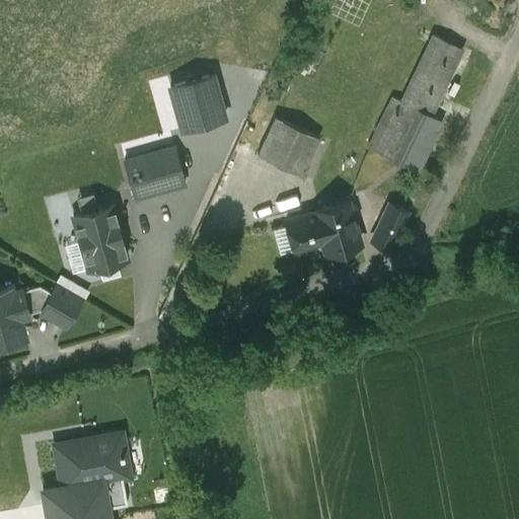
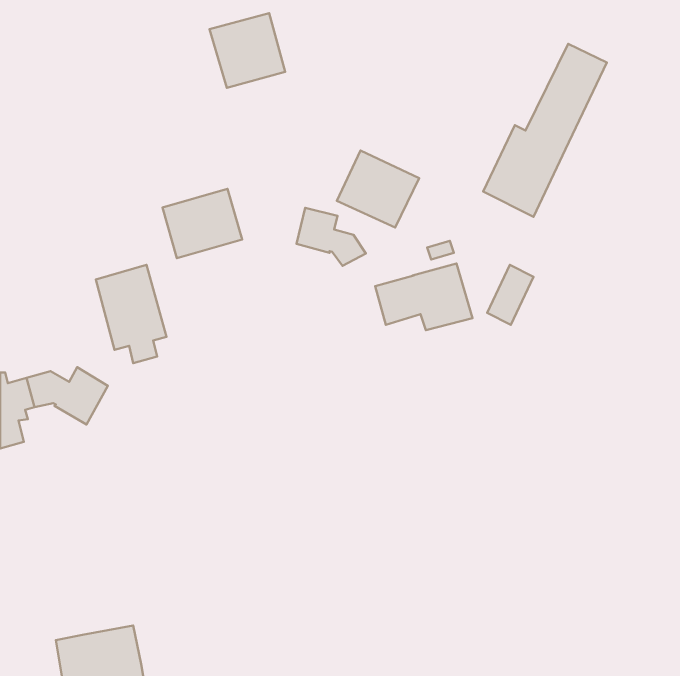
building: [168,74,226,131] -> [209,13,285,88]
building: [406,117,449,177] -> none
building: none -> [296,208,366,266]
building: [56,436,127,509] -> none

